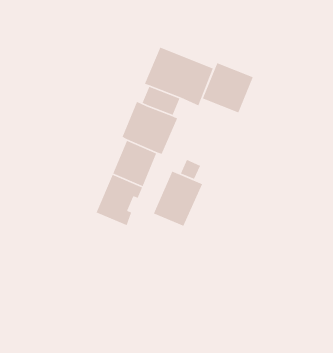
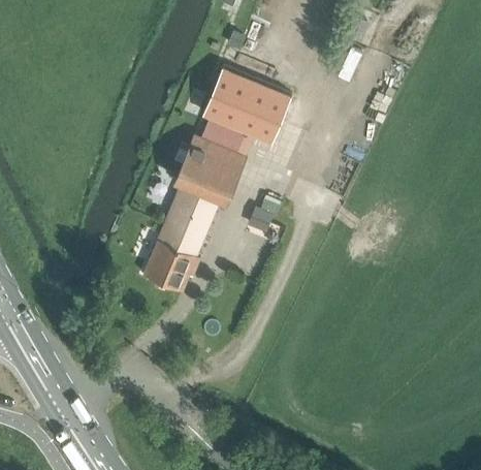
building: [202,62,254,113] -> none
building: [153,171,203,227] -> none

